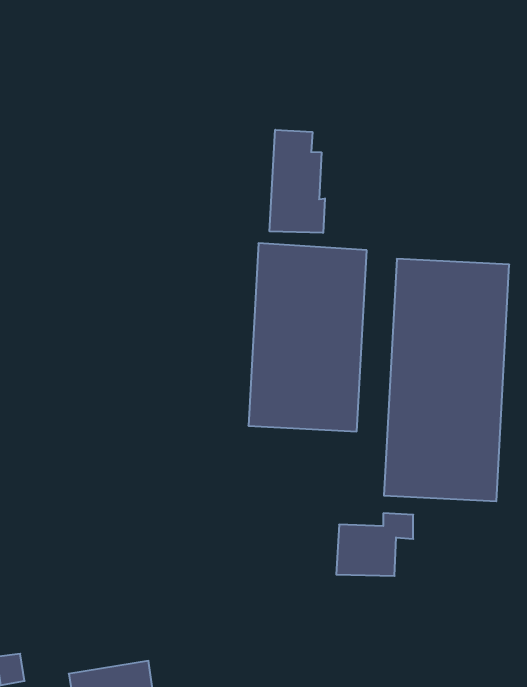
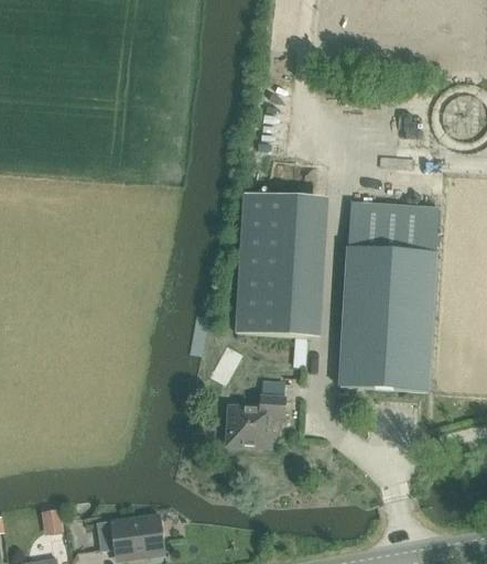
building: [270,130,325,233] -> none
building: [336,513,413,576] -> [226,398,285,446]

